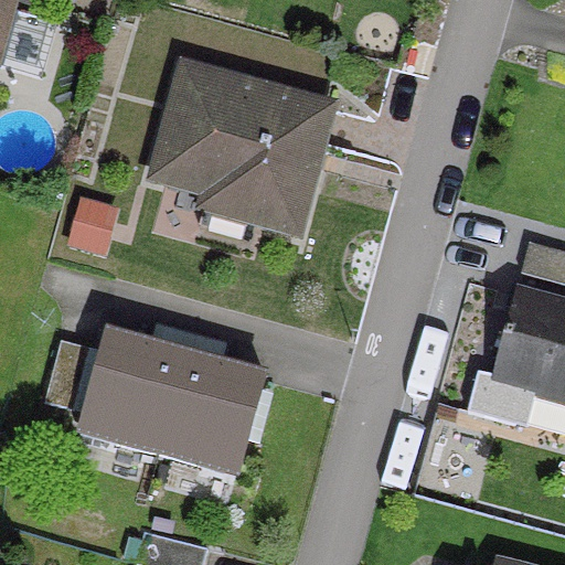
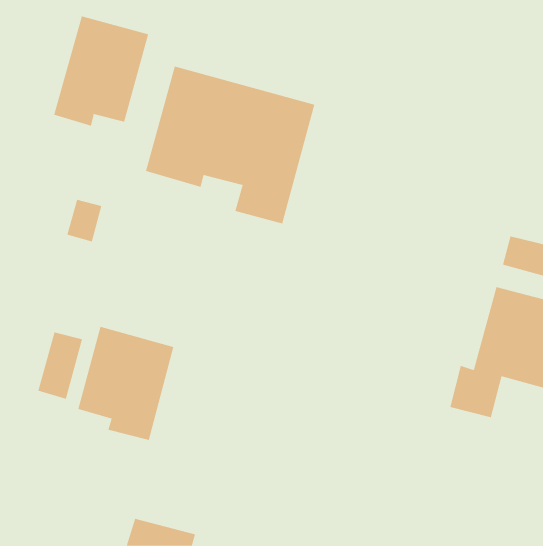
building: none -> [54,16,149,126]
building: [160,355,263,463] -> none

